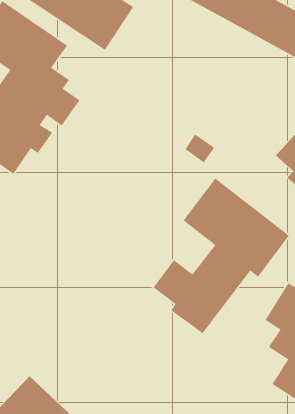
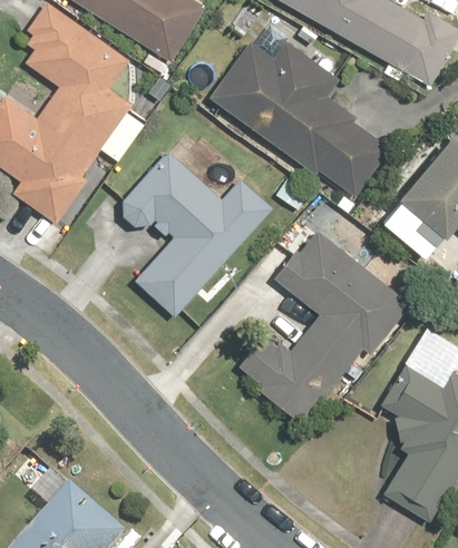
building: none -> [206,41,389,197]
building: none -> [113,149,274,315]

